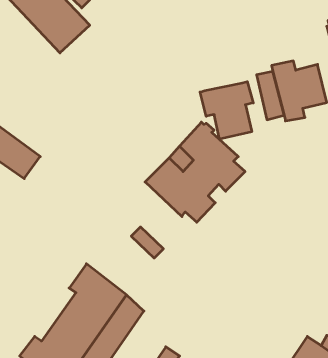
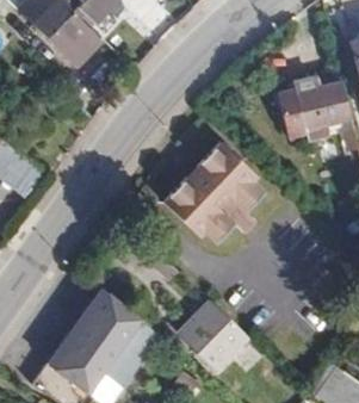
building: [200,82,253,139] -> none
building: none -> [179,300,249,371]

